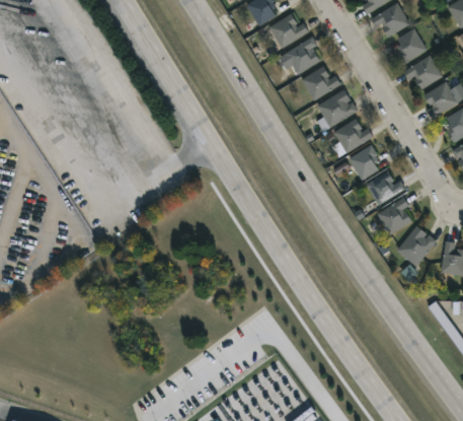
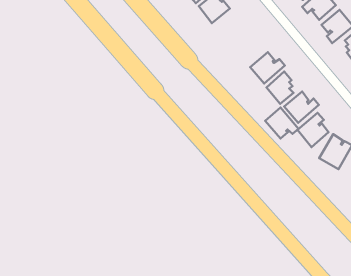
building: [301,65,341,100] -> none
building: [316,88,358,128] -> none
building: none -> [265,108,299,139]

